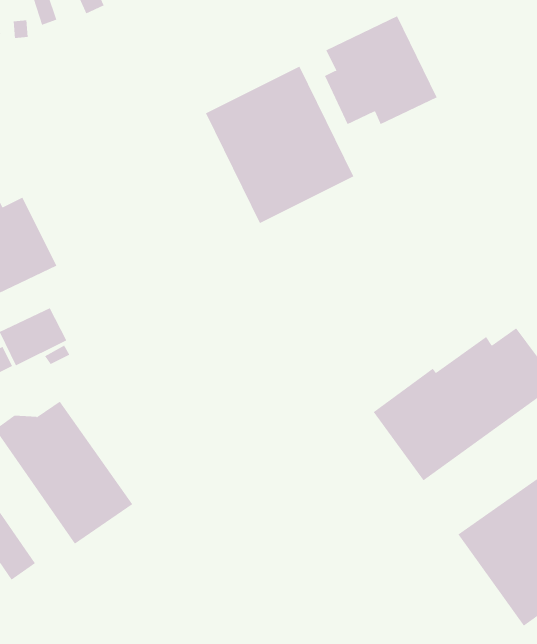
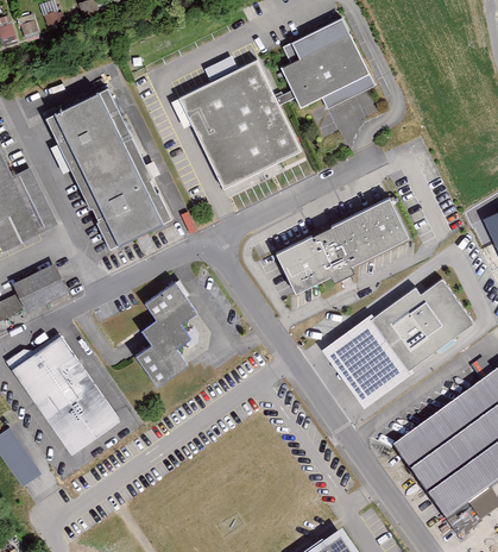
building: none -> [46,88,174,250]
building: none -> [279,197,412,294]
building: none -> [138,281,196,387]

